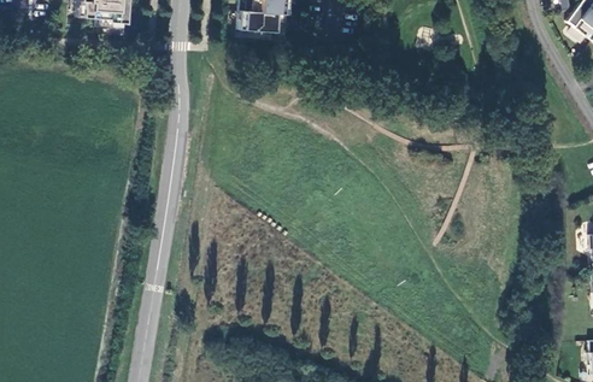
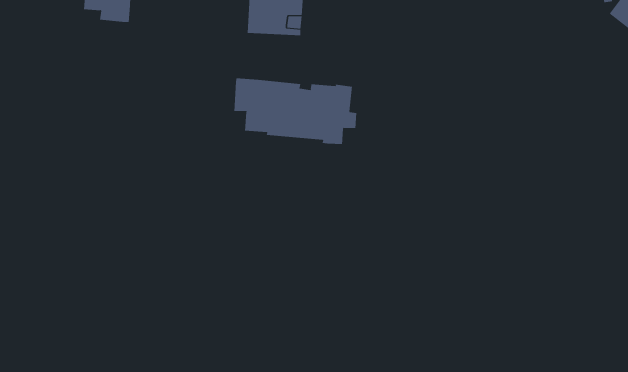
building: none -> [234,77,357,145]

